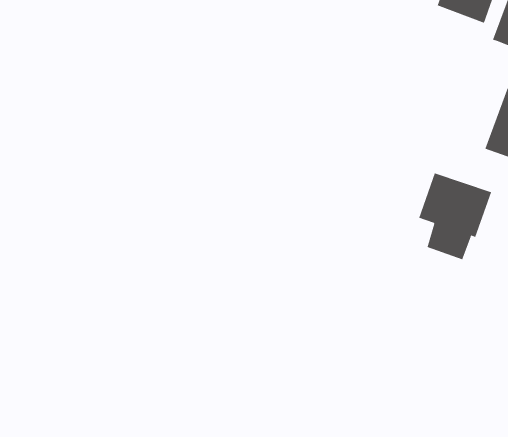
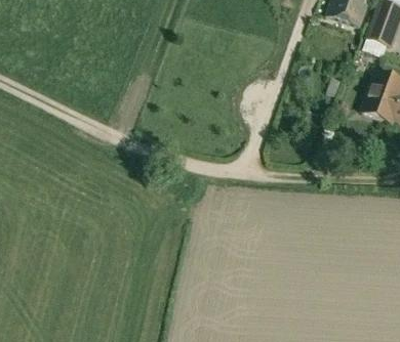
building: [418,172,492,260] -> none

